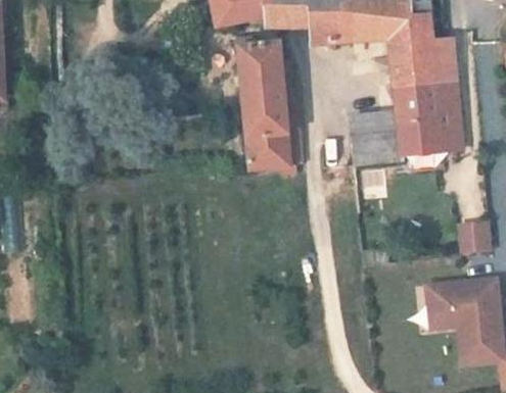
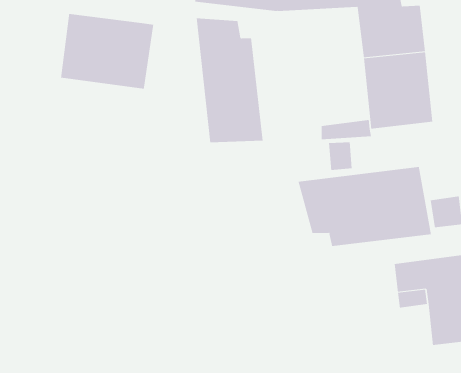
building: none -> [60,13,154,89]
building: none -> [298,166,432,247]

